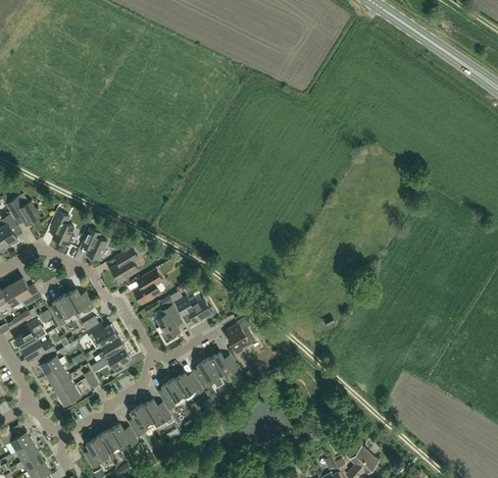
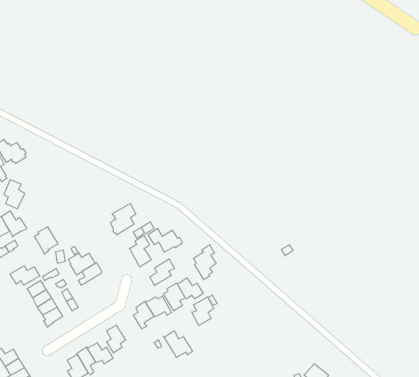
building: [50,213,73,246] -> [4,180,25,209]
building: [83,229,107,261] -> none
building: [110,248,138,282] -> none
building: [64,289,94,313] -> none
building: [15,319,46,349] -> none
building: none -> [150,259,174,286]
building: [103,348,131,376] -> none
building: none -> [192,297,214,326]
building: [141,400,173,429] -> [163,331,193,357]

